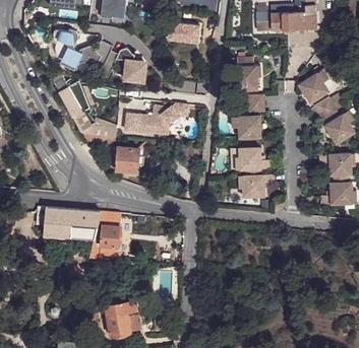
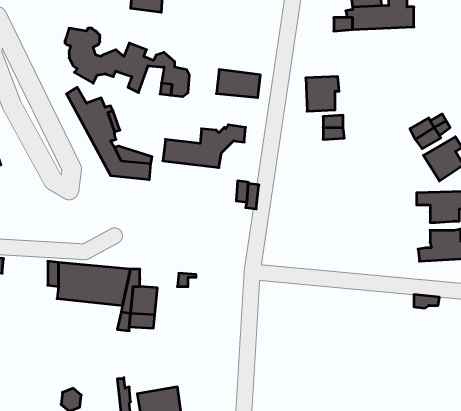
building: [167,21,200,43] -> [216,70,260,98]
building: [298,70,328,105] -> none
building: [230,117,260,139] -> none
building: [115,147,139,171] -> none
building: [235,148,271,170] -> none
building: [238,175,274,198] -> none

